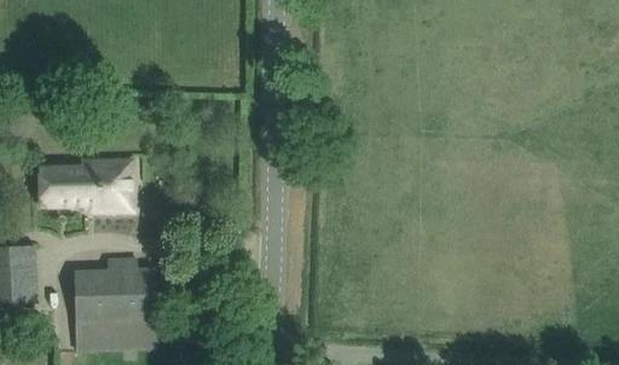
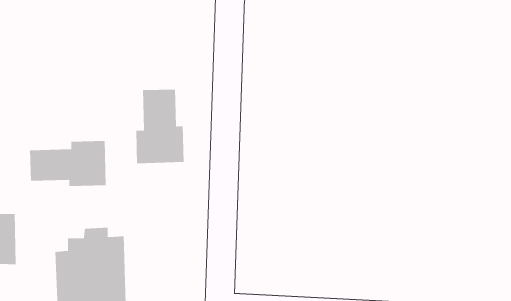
building: none -> [135,89,185,164]

